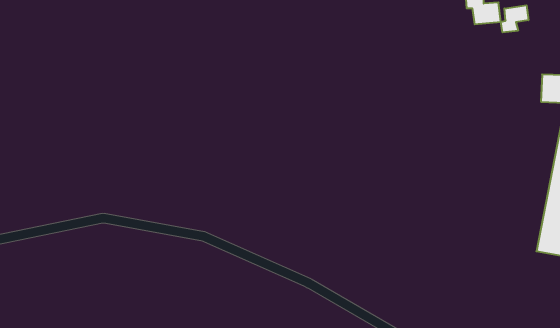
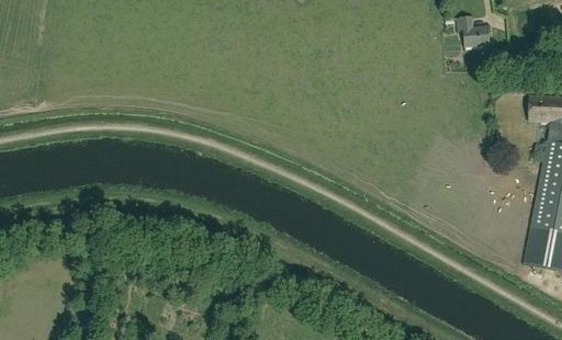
building: [501,5,528,32] -> none

